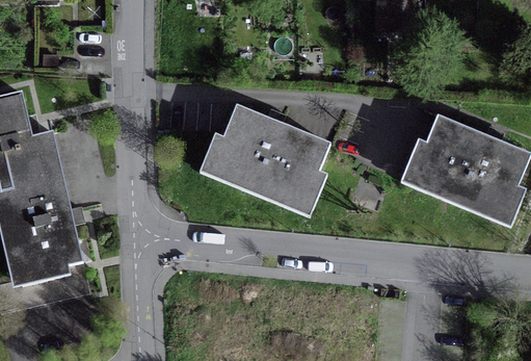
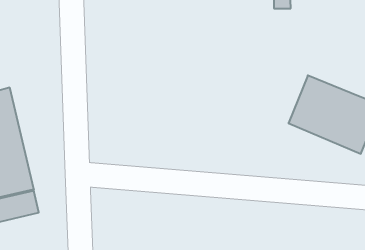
building: [210,105,329,206] -> none

